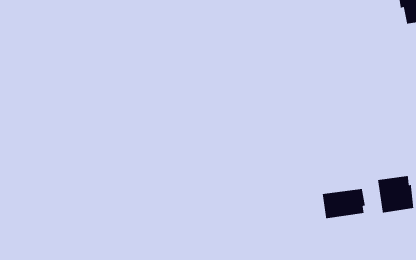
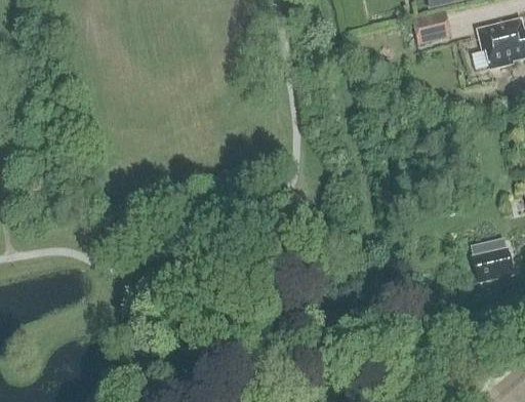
building: [322,188,366,219] -> none

